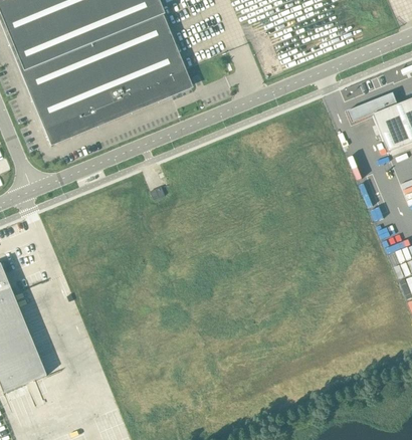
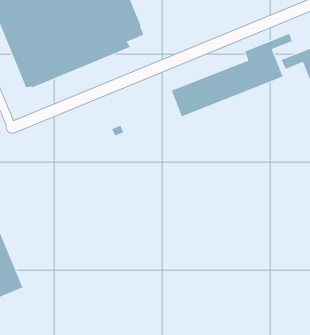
building: none -> [171,33,292,117]

